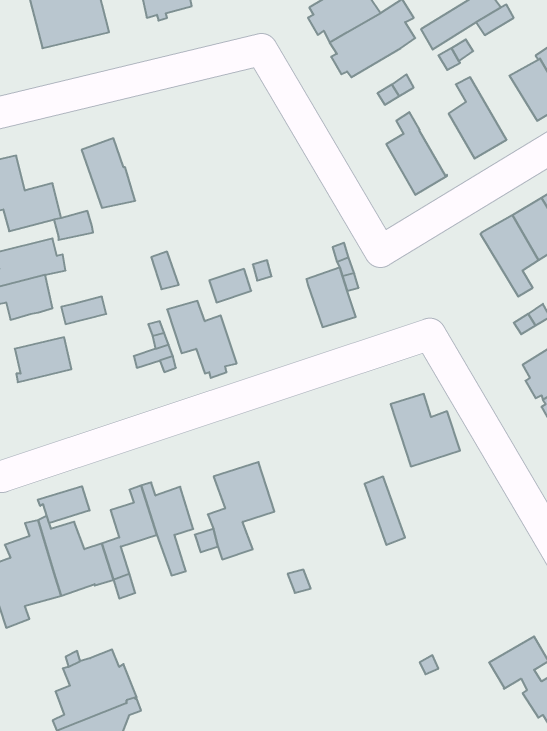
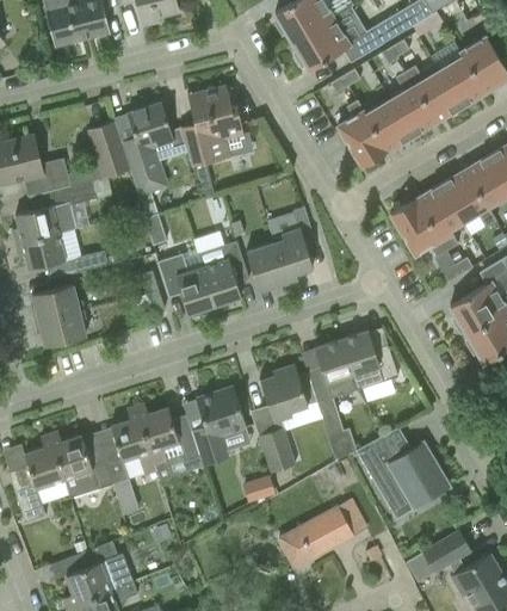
building: none -> [407,63,462,122]
building: none -> [181,86,243,165]
building: none -> [365,100,410,152]
building: none -> [123,101,174,196]
building: none -> [390,198,446,257]
building: none -> [246,241,286,291]
building: none -> [202,258,241,306]
building: none -> [35,310,86,346]
building: none -> [307,339,358,403]
building: none -> [255,364,308,471]
building: [38,486,90,523] -> none
building: none -> [355,427,450,506]
building: none -> [277,498,367,568]

